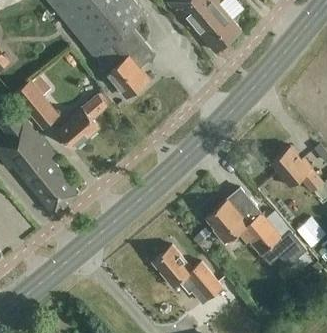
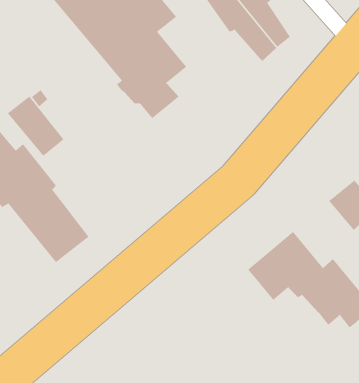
building: [59,94,109,151] -> none
building: [154,245,223,304] -> none

